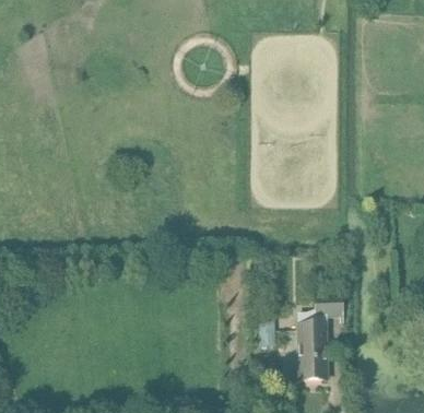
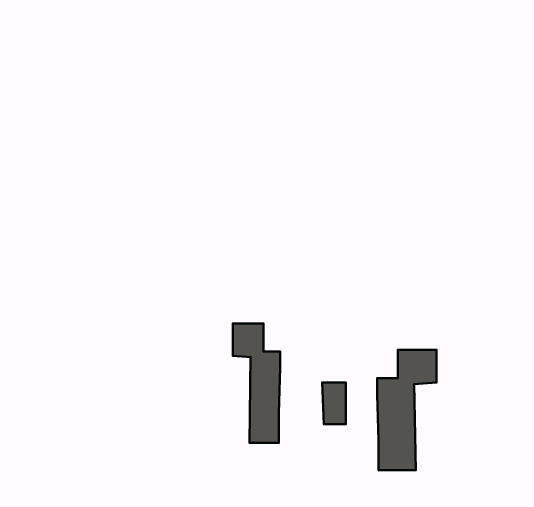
building: none -> [233,323,280,443]

